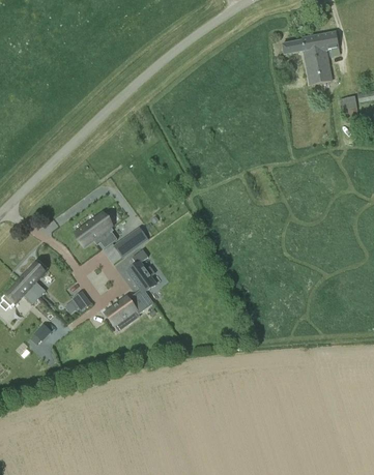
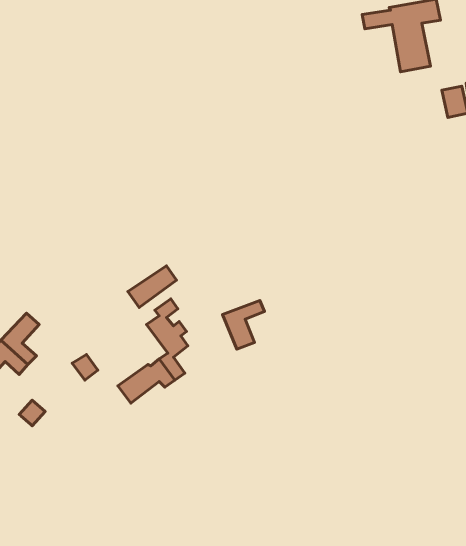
building: [74,216,117,246] -> none
building: none -> [223,301,265,349]

